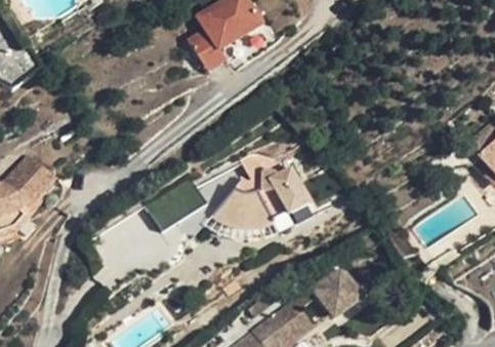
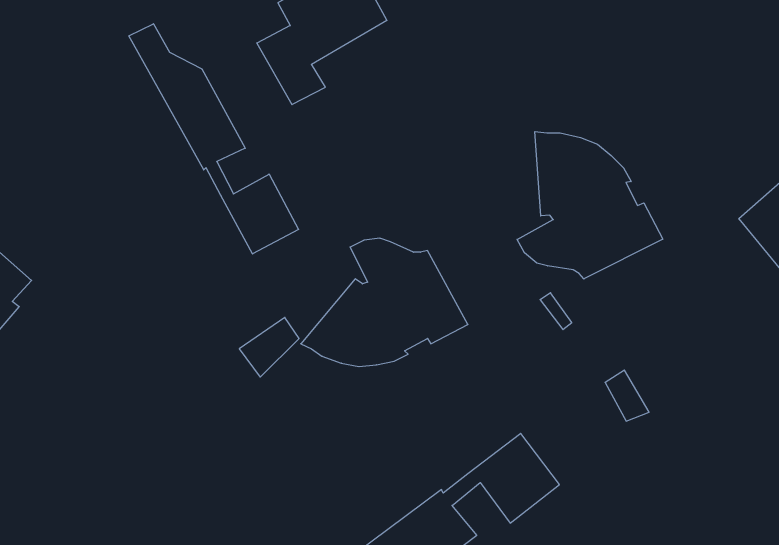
building: none -> [129,24,299,254]
building: none -> [517,132,663,279]

